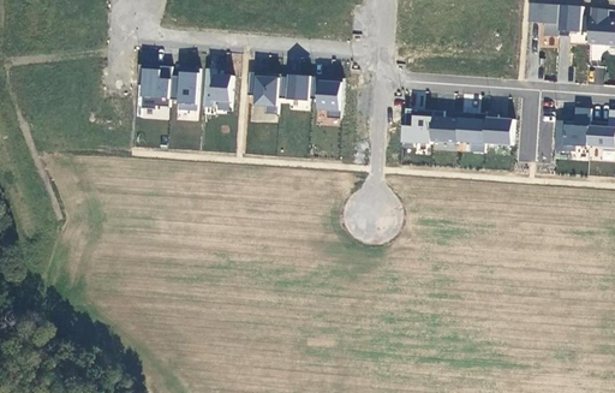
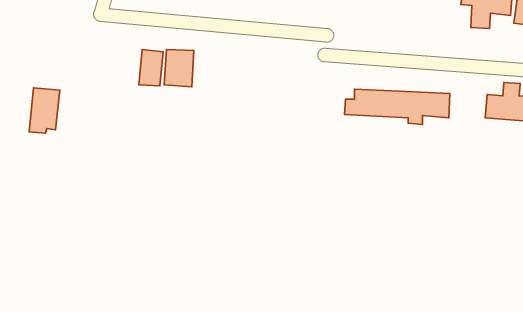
building: [138,65,172,114] -> [29,88,60,133]
building: [251,72,310,112] -> none
building: [315,78,344,115] -> none

